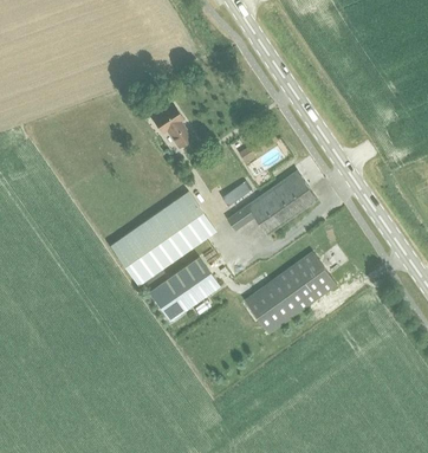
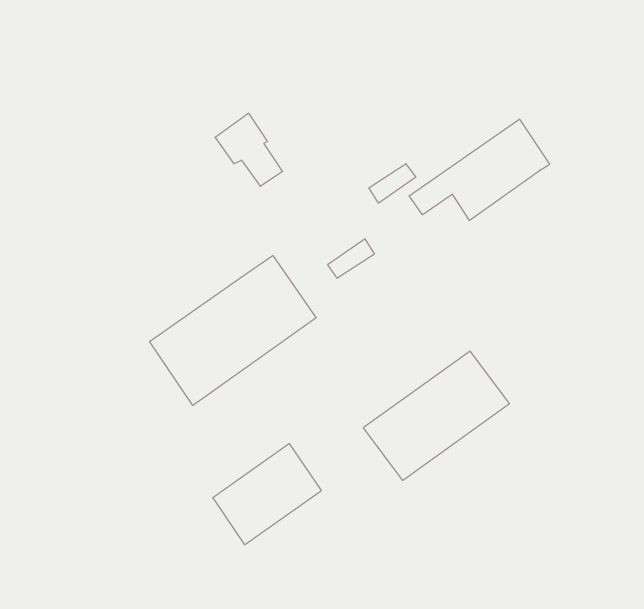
building: [228,172,317,235] -> [409,119,550,220]
building: [150,255,219,319] -> [213,444,321,545]

